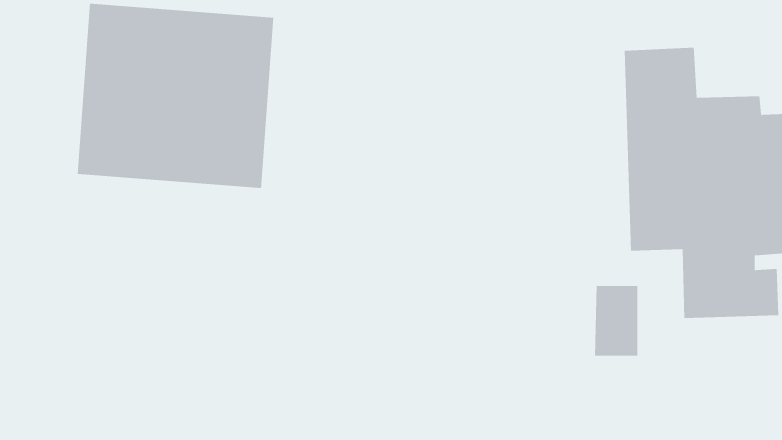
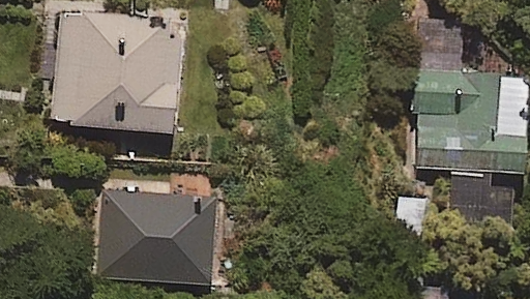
building: none -> [97,189,216,285]

